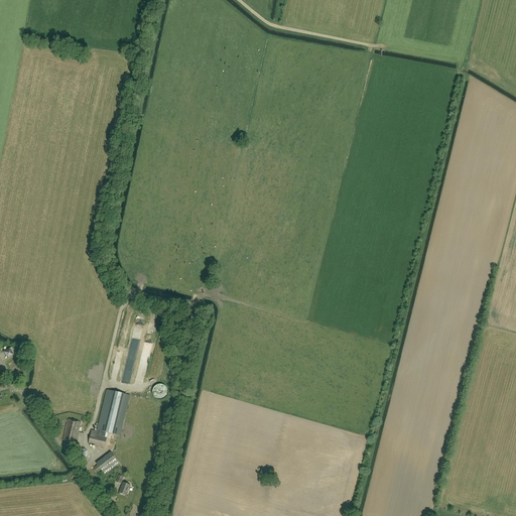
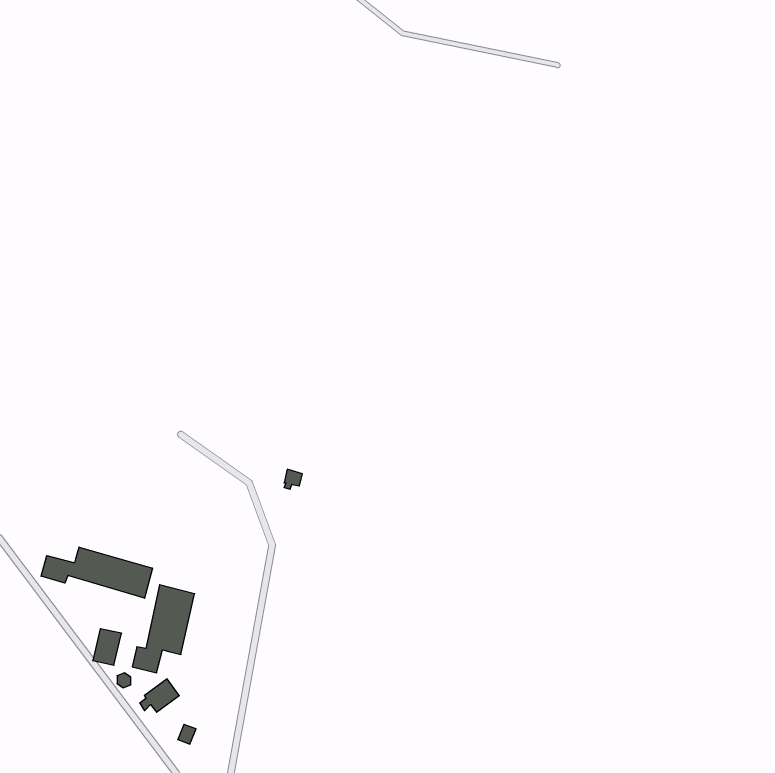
building: none -> [41,547,152,598]

